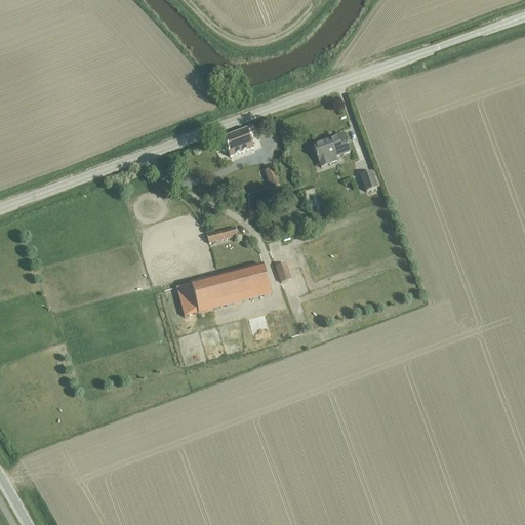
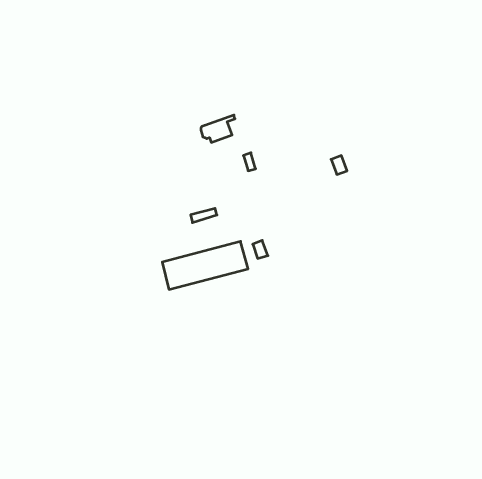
building: [313,131,349,166] -> none

